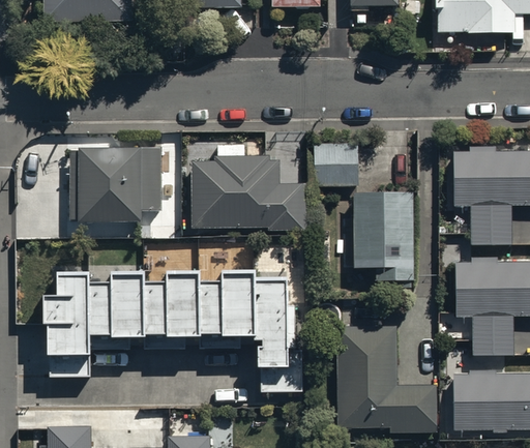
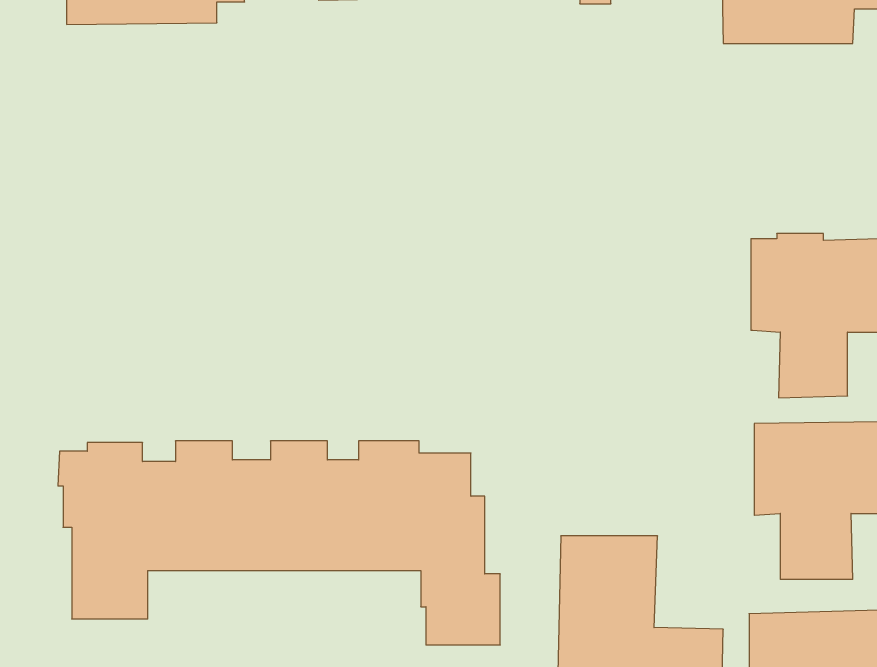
building: [192,144,305,233] -> none
building: [314,144,358,187] -> none
building: [70,147,161,223] -> none
building: [353,192,413,287] -> none

